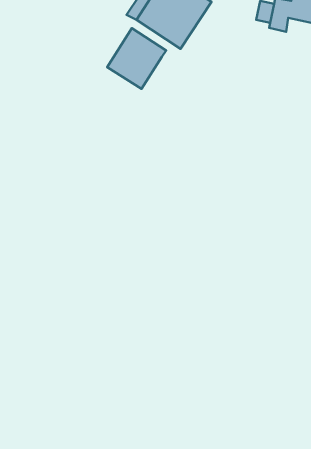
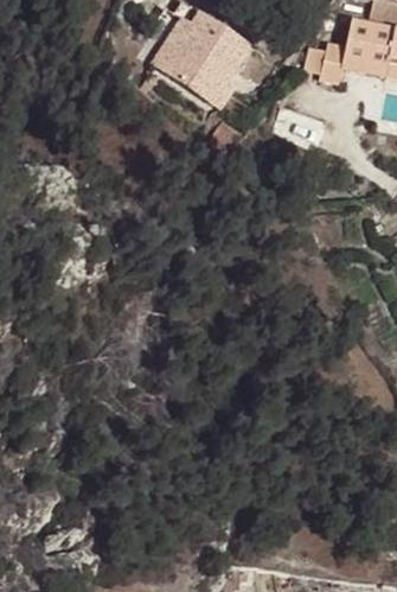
building: [107,28,166,89] -> none

